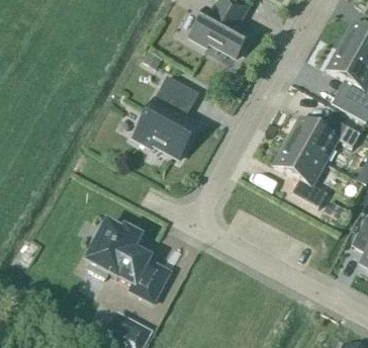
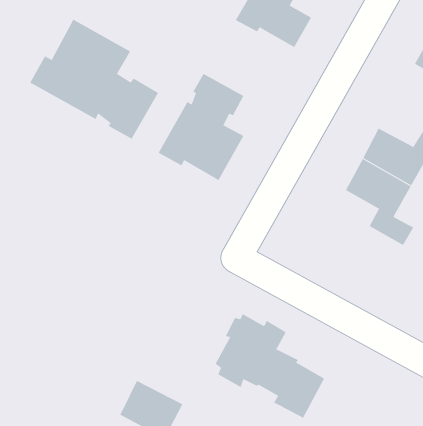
building: none -> [29,19,159,139]
building: [85,222,169,301] -> [215,313,325,418]

